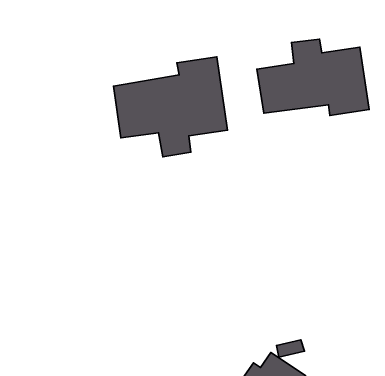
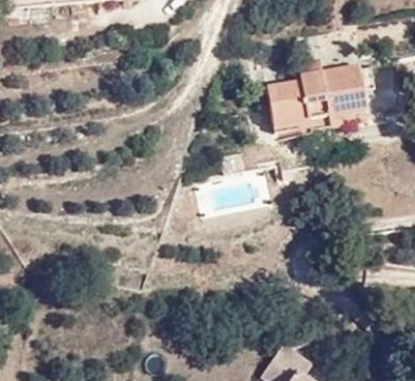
building: [114,57,228,157] -> none

